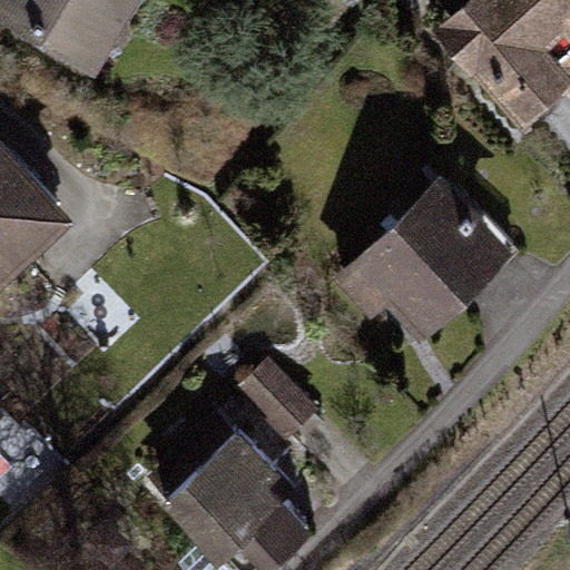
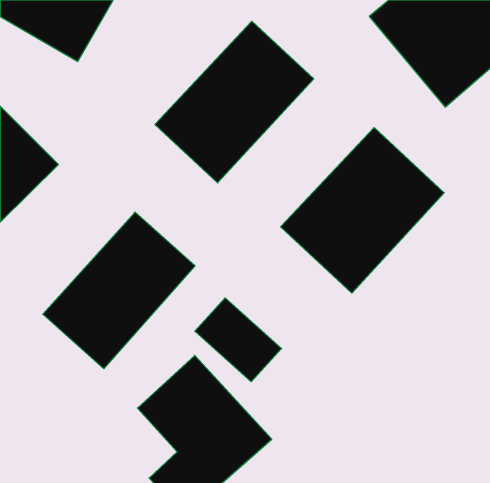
building: none -> [155,21,314,183]
building: none -> [43,212,195,369]

